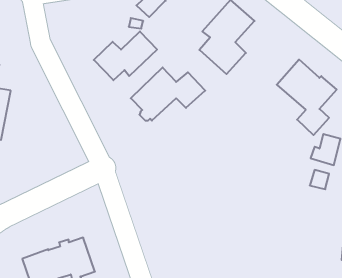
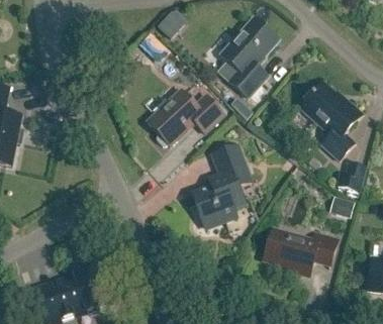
building: [94,31,157,80] -> none
building: none -> [191,143,251,226]
building: none -> [263,229,337,275]

